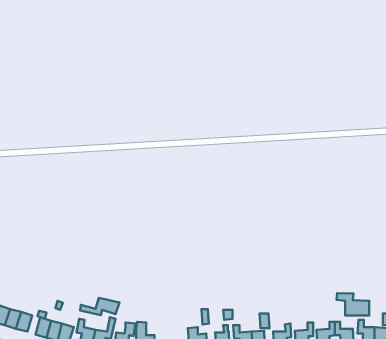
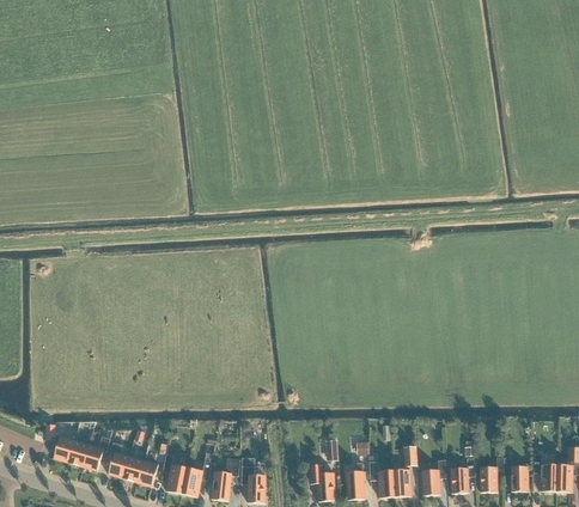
building: [337,293,369,315] -> none
building: [80,298,119,315] -> none

